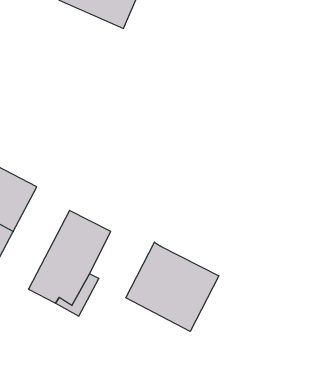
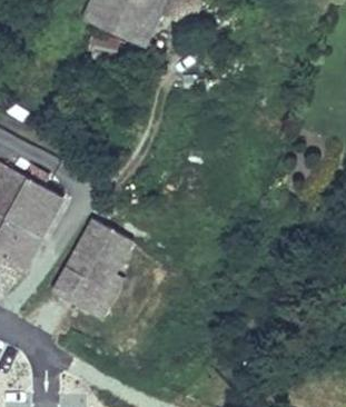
building: [126,242,219,331] -> none

